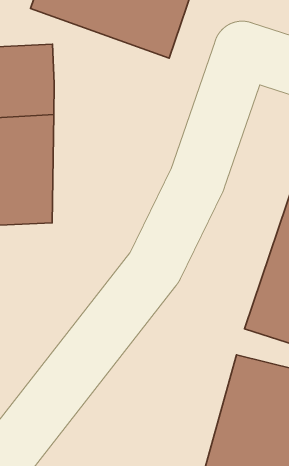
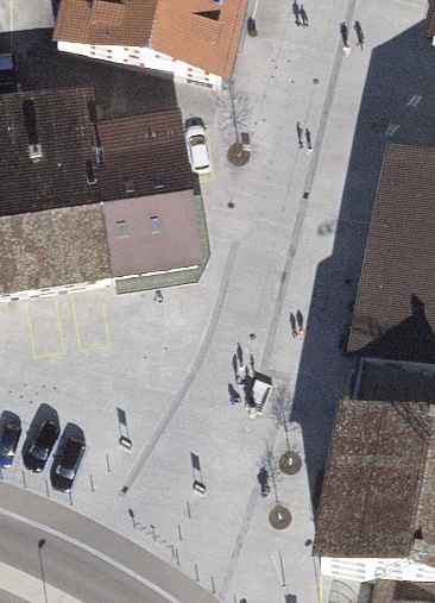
building: none -> [100,114,204,288]

